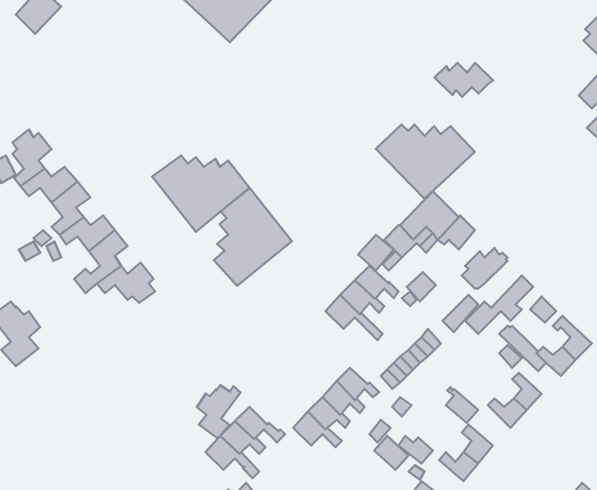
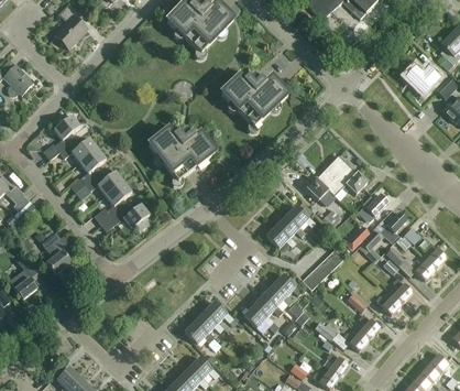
building: [435,63,493,97] -> [402,65,441,88]
building: [376,124,475,199] -> [220,76,287,127]
building: [214,188,292,286] -> none
building: [197,385,240,438] -> none

